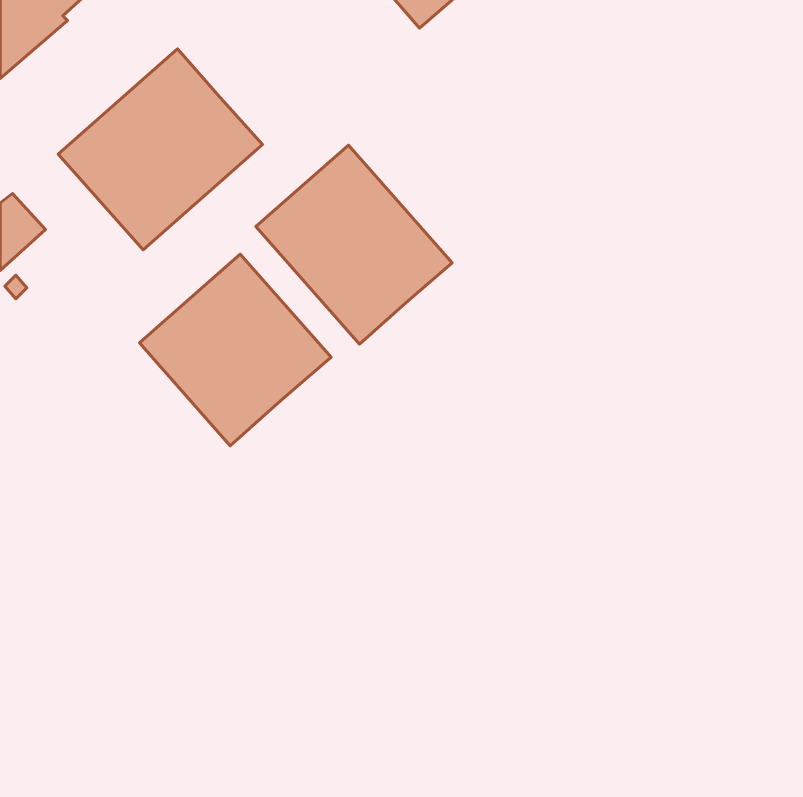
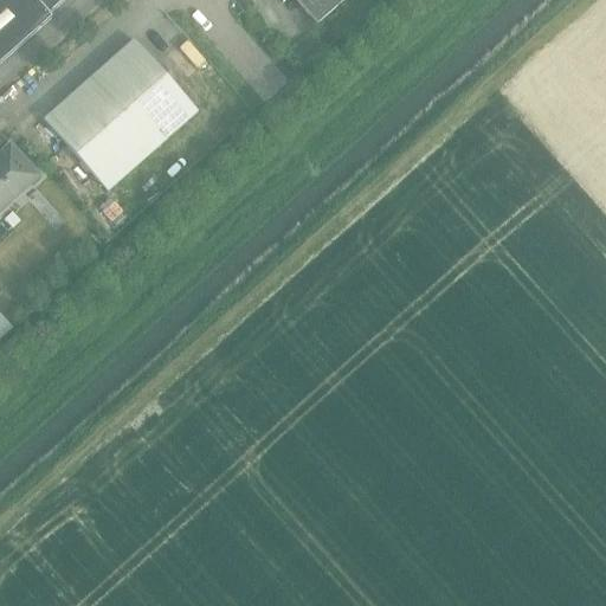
building: [256,145,452,344] -> none
building: [139,254,331,446] -> none

